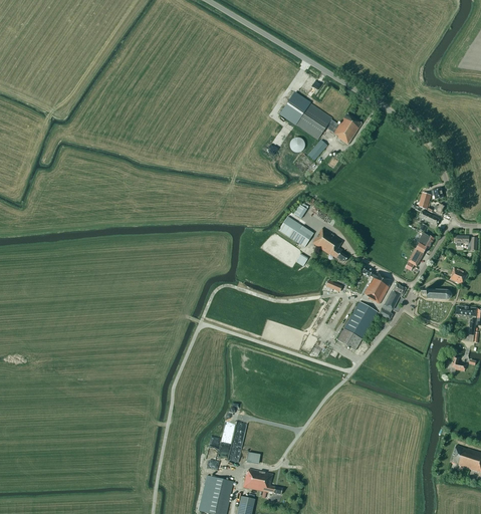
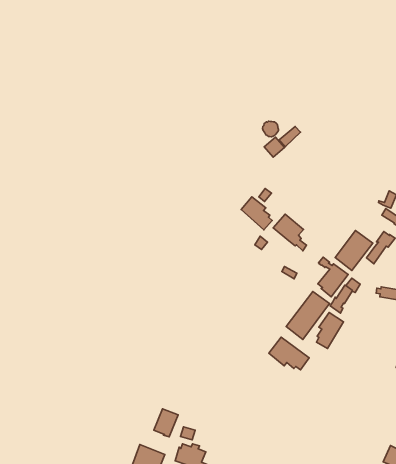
building: [279,92,360,145] -> none
building: none -> [335,230,373,271]
building: none -> [316,312,344,348]
building: none -> [269,337,309,370]

